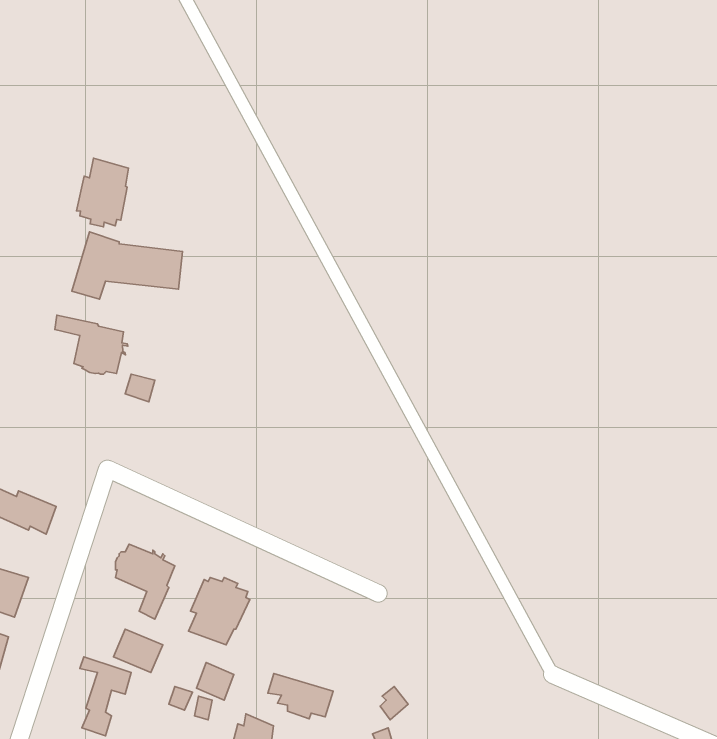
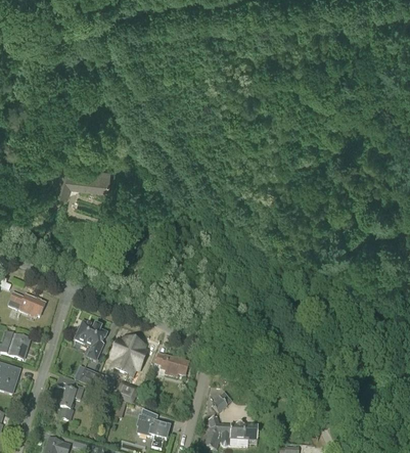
building: [77,158,129,227] -> none
building: [55,315,128,374] -> none
building: [268,674,333,719] -> [154,353,188,376]

